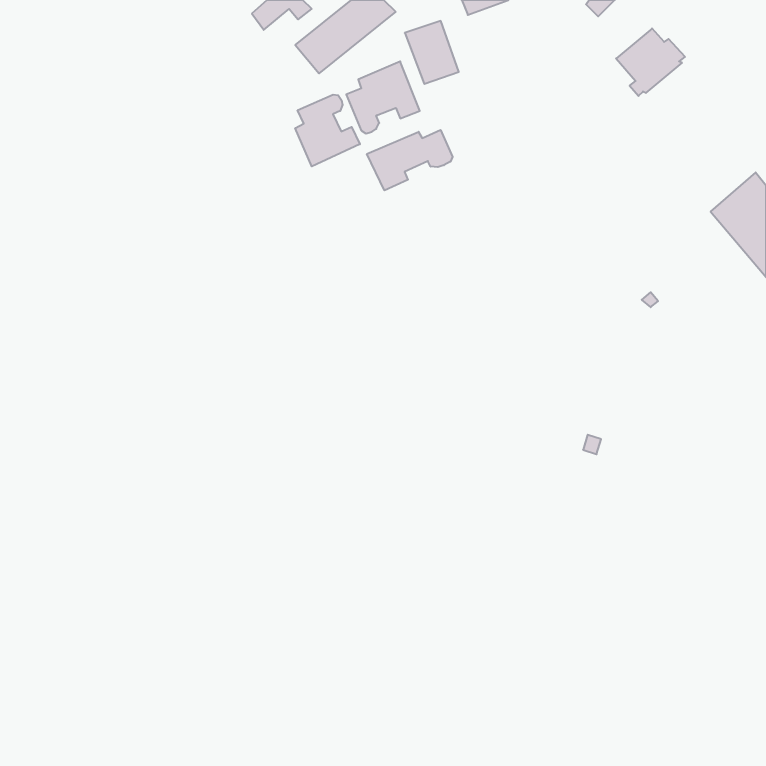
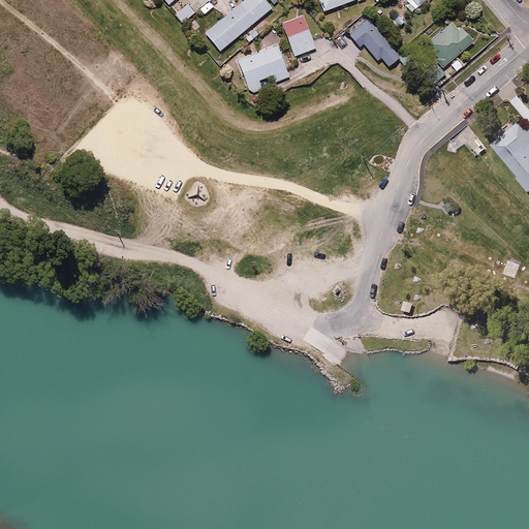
building: none -> [349,15,400,67]
building: [295,95,360,166] -> none
building: [367,130,453,190] -> none

